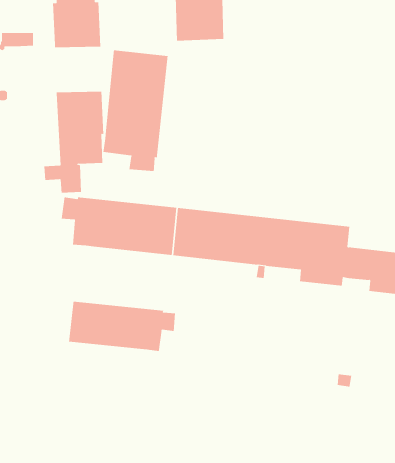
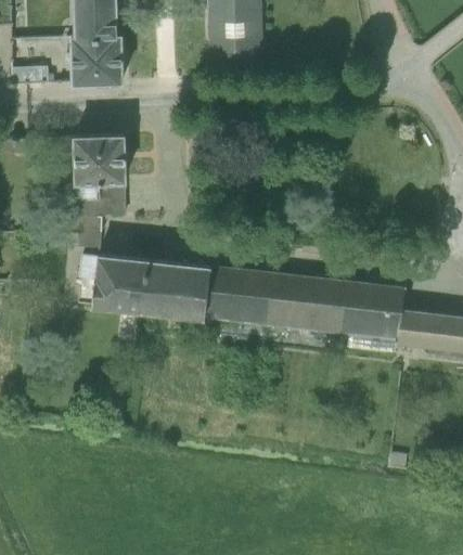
building: [103,50,168,172] -> none
building: [69,301,176,352] -> none

